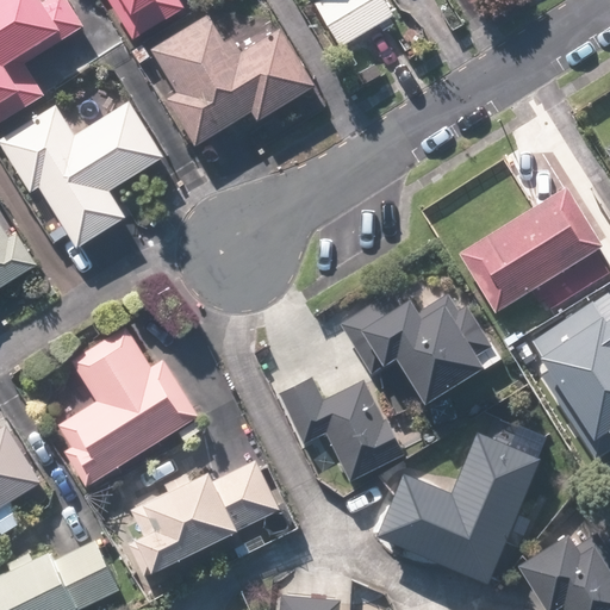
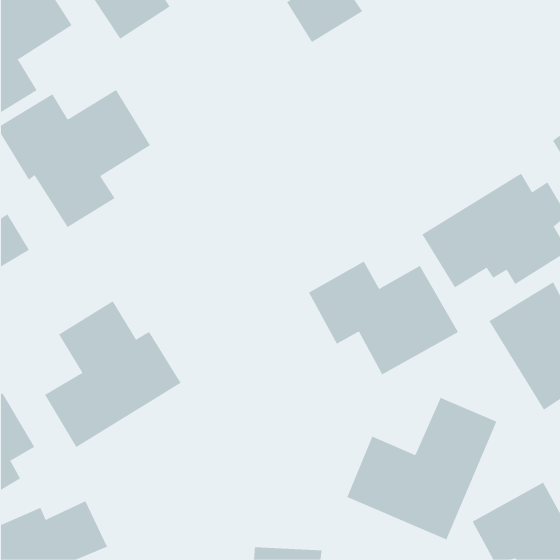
building: [149,15,319,148] -> none
building: [278,378,400,483] -> none
building: [118,463,280,575] -> none

